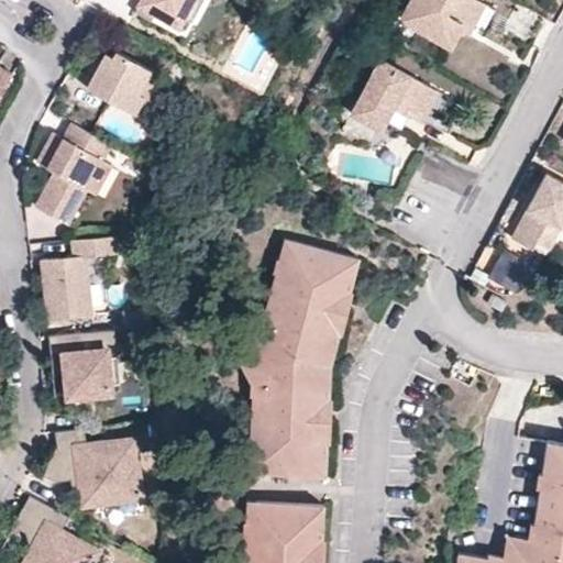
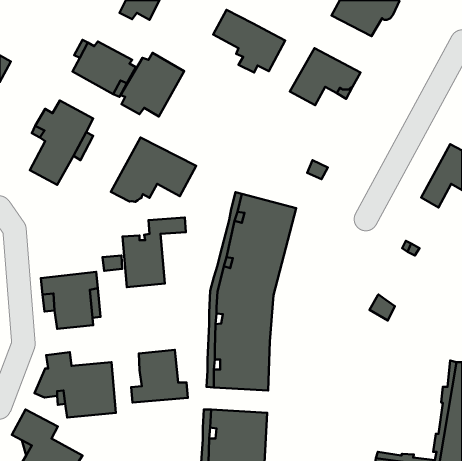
building: none -> [213,10,285,73]
building: none -> [121,53,184,117]
building: none -> [111,137,196,202]
building: [41,239,118,323] -> [122,218,186,287]
building: none -> [131,350,188,402]

